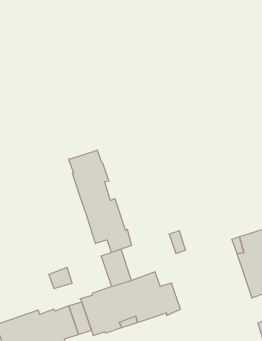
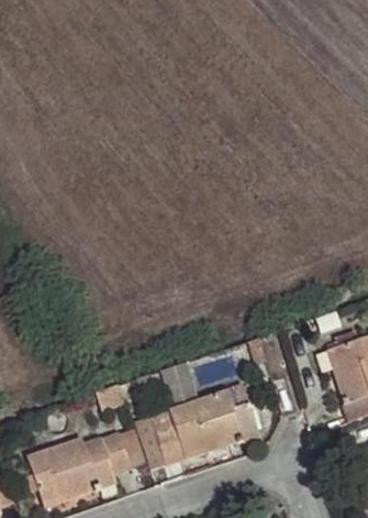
building: [69,150,132,252] -> none

